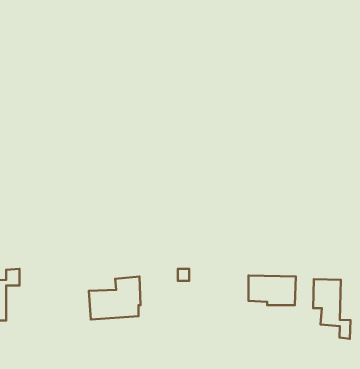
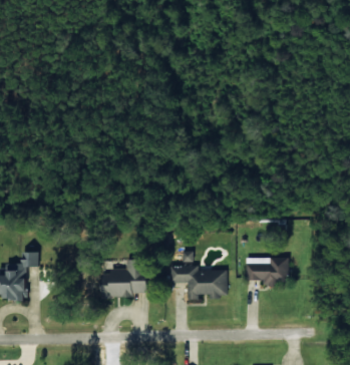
building: [313,279,350,339] -> none
building: none -> [170,268,229,304]

